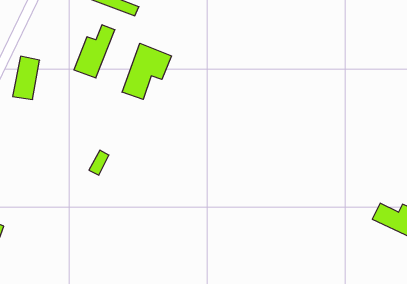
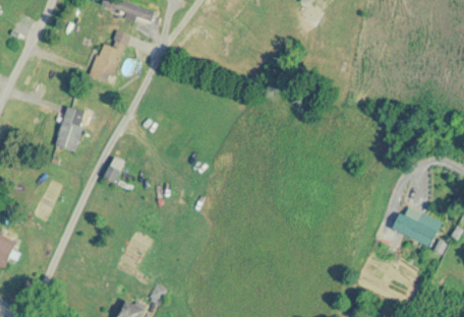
building: [122,43,172,99] -> none
building: [13,56,40,99] -> [56,109,83,152]

